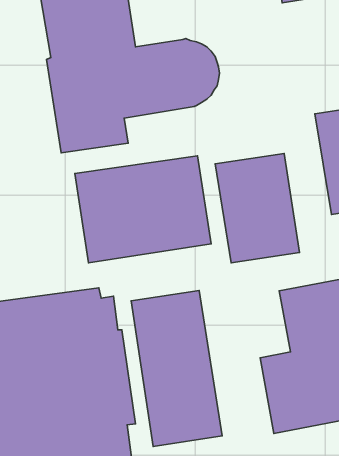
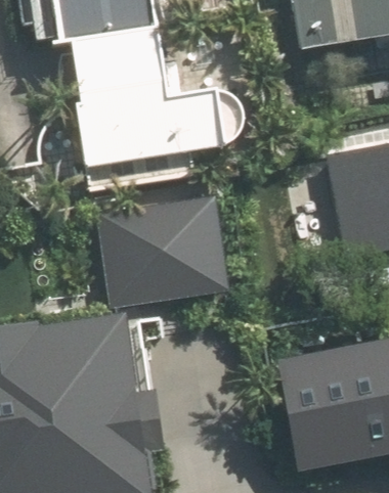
building: [215,153,299,263] -> none
building: [131,291,222,447] -> none

